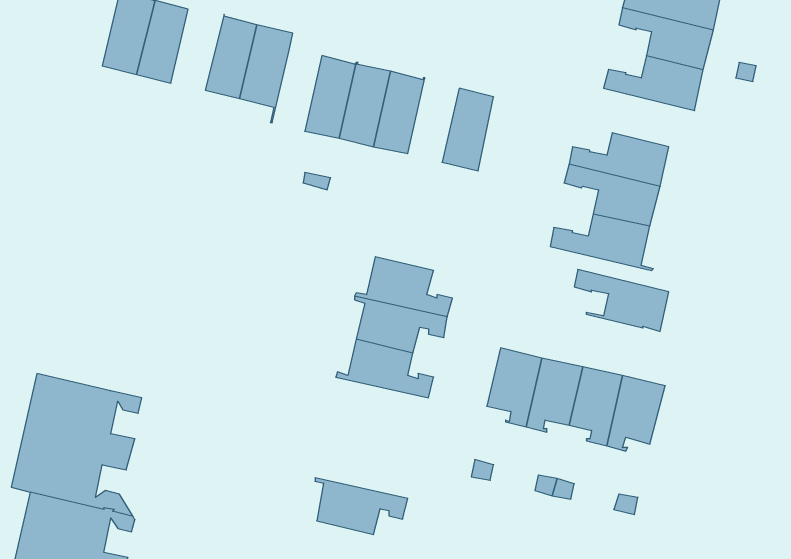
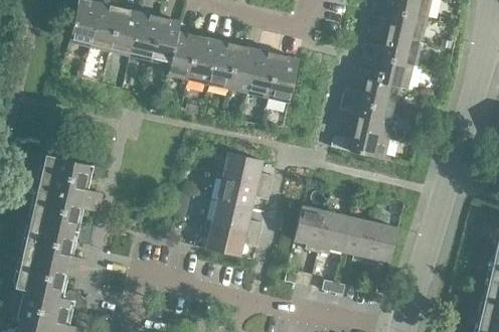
building: none -> [109,7,140,54]
building: none -> [168,30,197,78]
building: none -> [247,47,278,97]
building: none -> [30,154,107,234]
building: [574,269,669,331] -> [360,53,415,90]
building: [315,478,408,535] -> [205,222,260,256]

